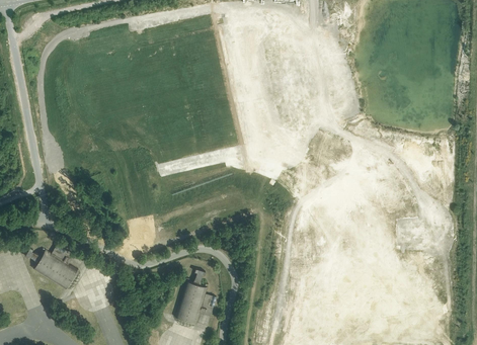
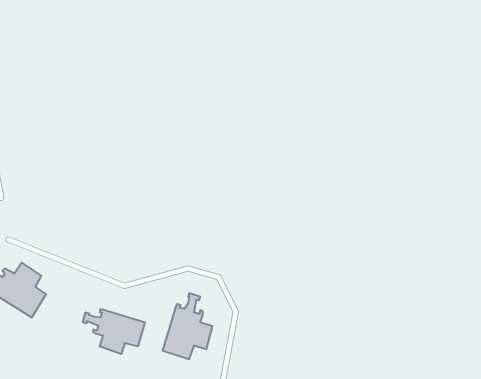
building: none -> [83,309,145,354]

